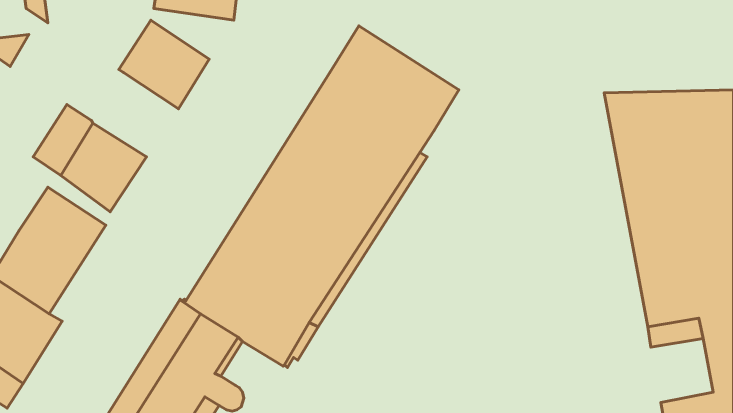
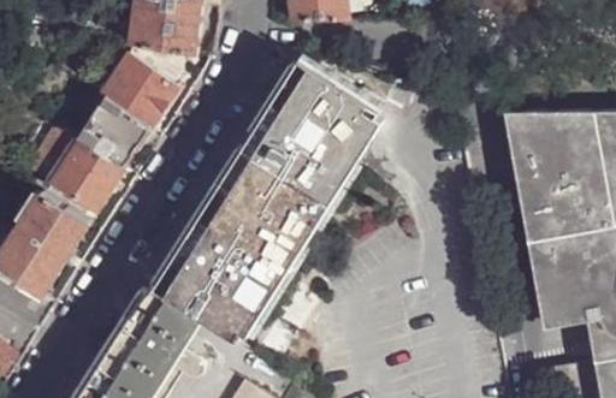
building: none -> [78,95,150,165]

